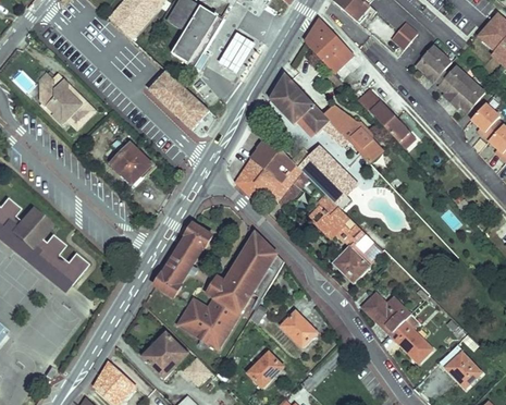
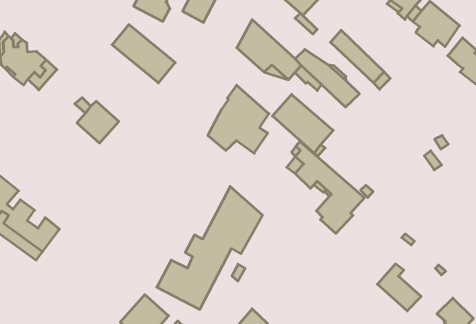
building: [280,164,309,207] -> none
building: [155,223,212,296] -> none
building: [362,293,410,334] -> none
building: [281,310,317,346] -> none

